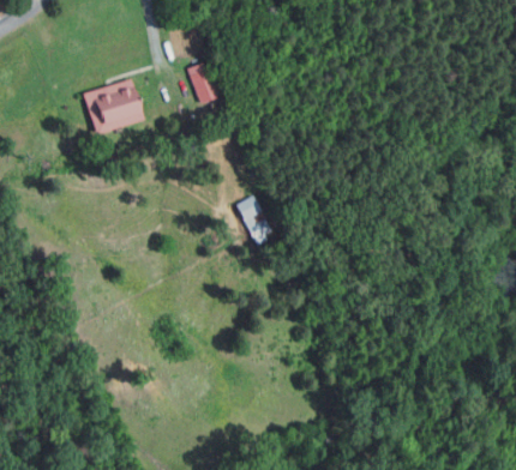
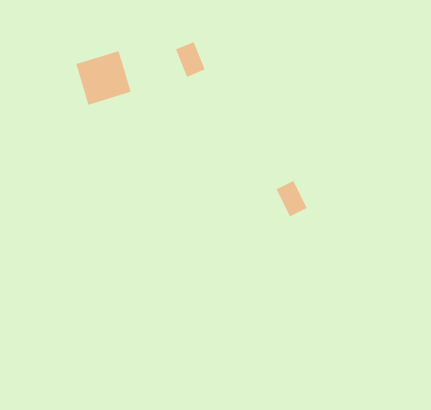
building: [236,195,270,235] -> [276,180,307,217]

